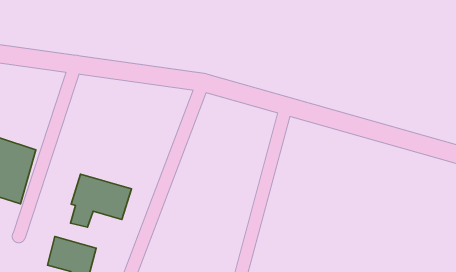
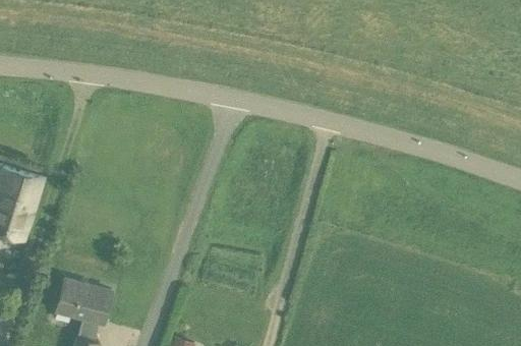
building: [70,174,132,227] -> none

